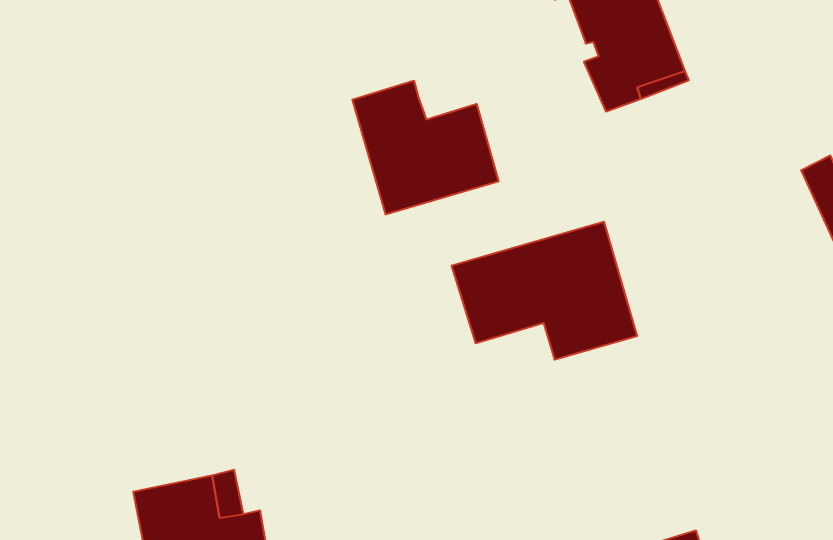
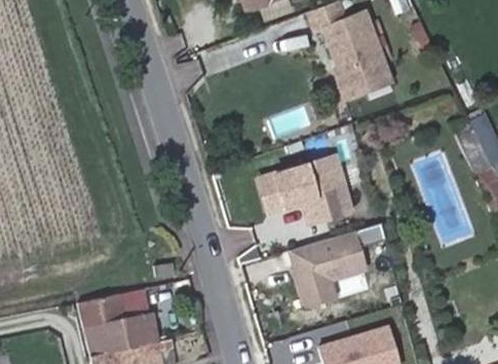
building: [352,81,498,215] -> none
building: none -> [291,229,374,311]

